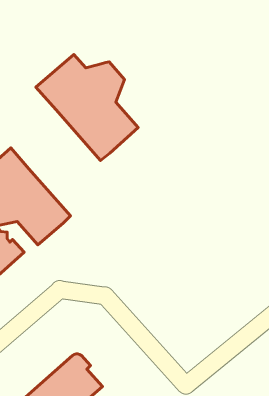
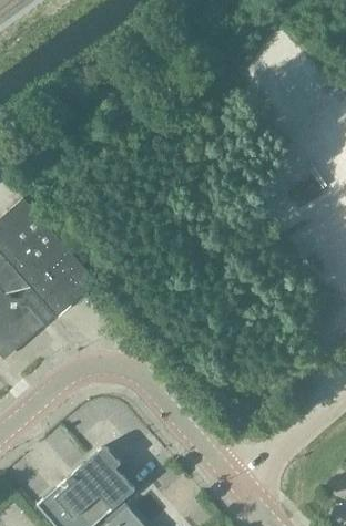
building: [36,54,138,161] -> none

